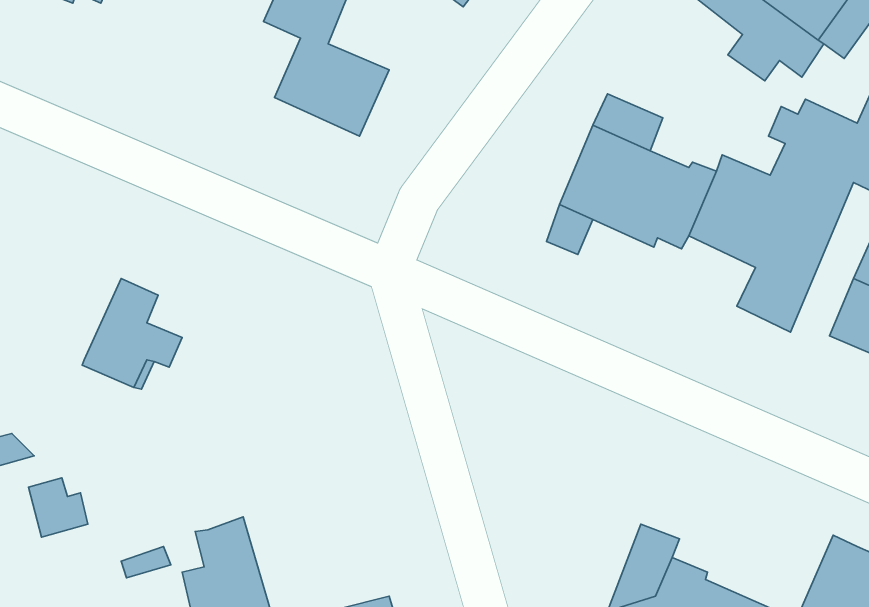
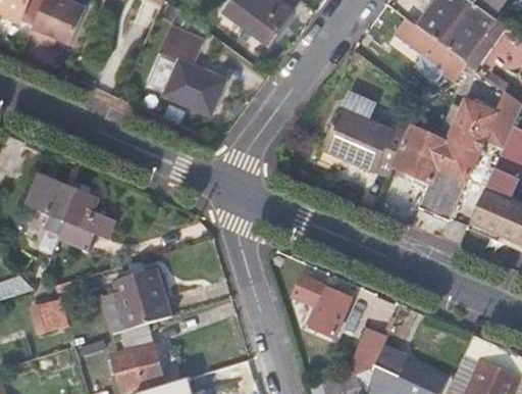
building: none -> [27,175,80,237]
building: none -> [113,268,172,331]
building: none -> [295,276,353,336]

